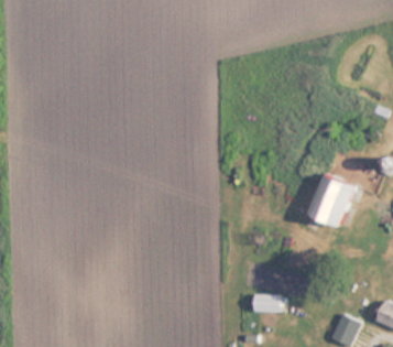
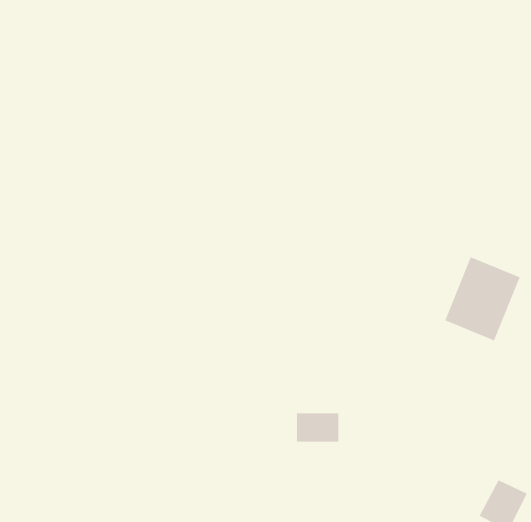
building: [253,294,281,313] -> [296,413,339,442]

